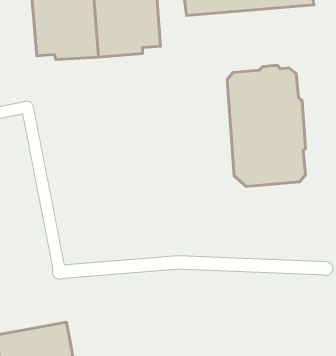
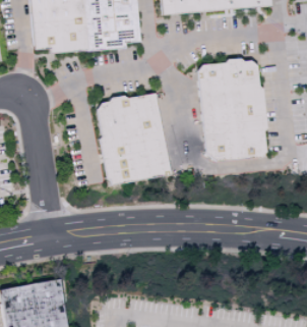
building: none -> [96,93,168,185]

